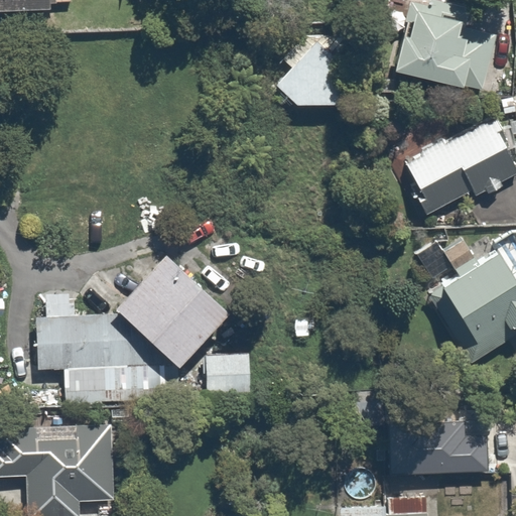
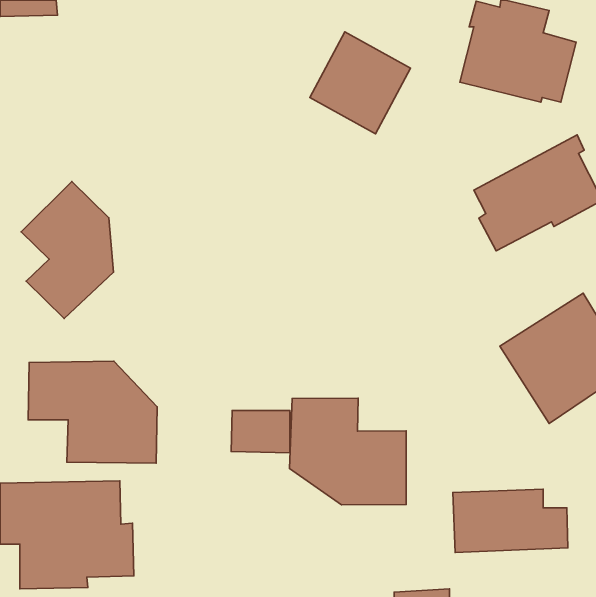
building: none -> [21,181,113,319]
building: [106,241,223,358] -> none
building: none -> [289,398,406,505]

